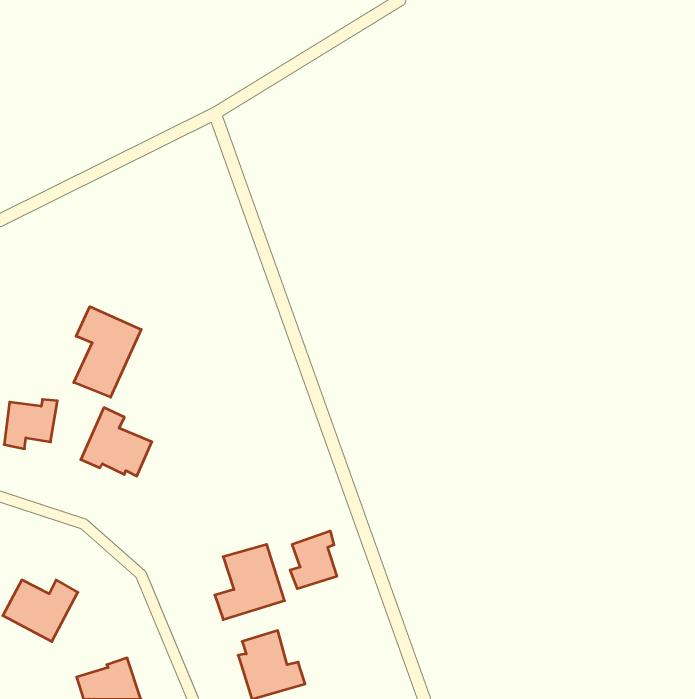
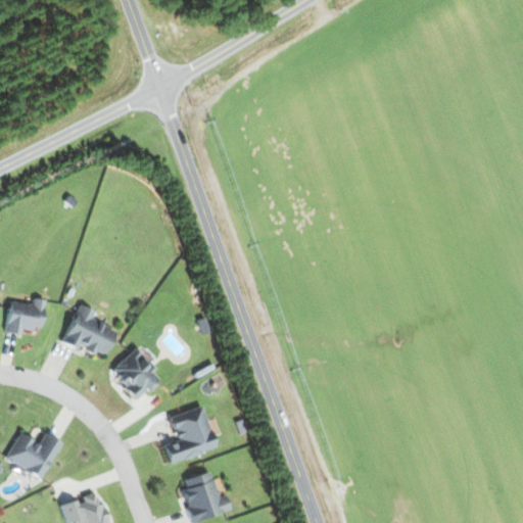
building: [74,307,141,397] -> none
building: none -> [110,347,158,399]
building: [290,531,337,589] -> none

